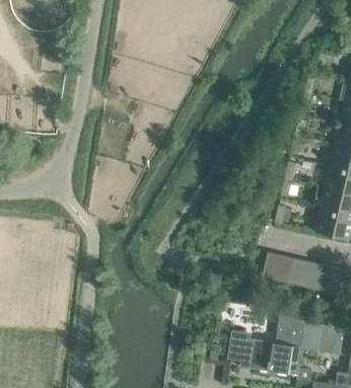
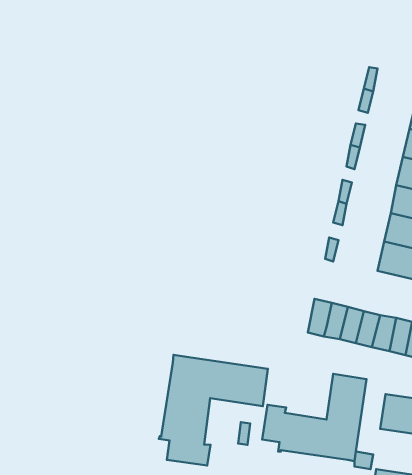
building: none -> [159,355,268,466]

